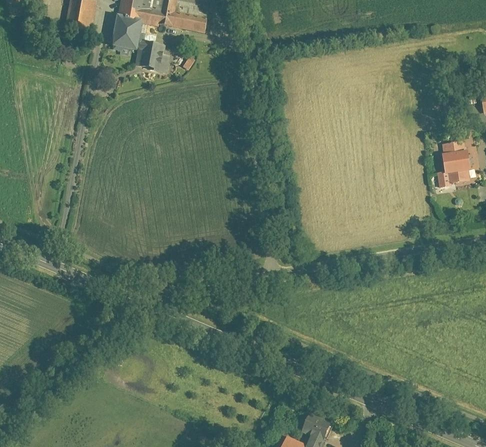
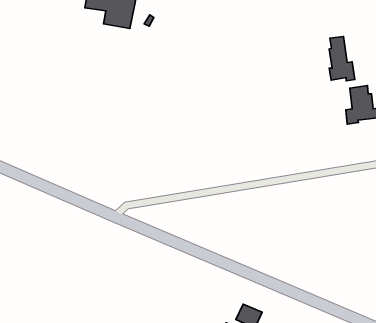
building: none -> [329,36,355,81]

